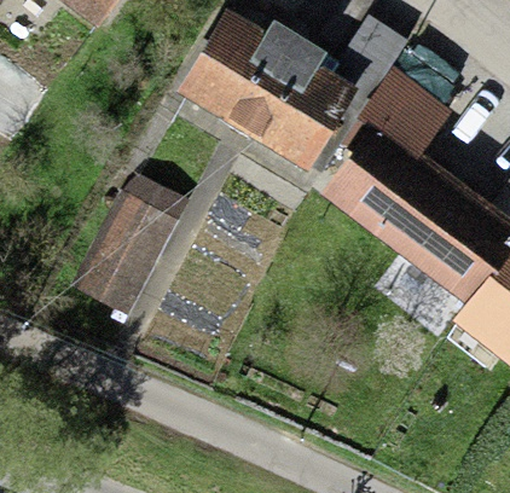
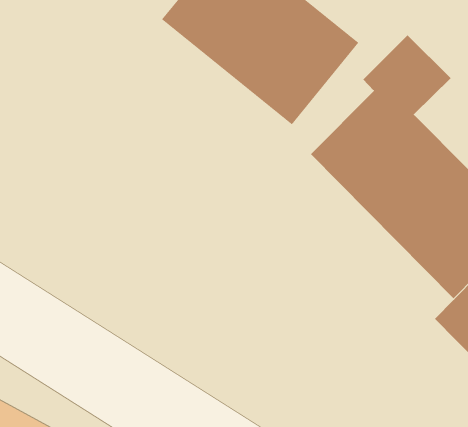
building: [73,185,174,306] -> none

